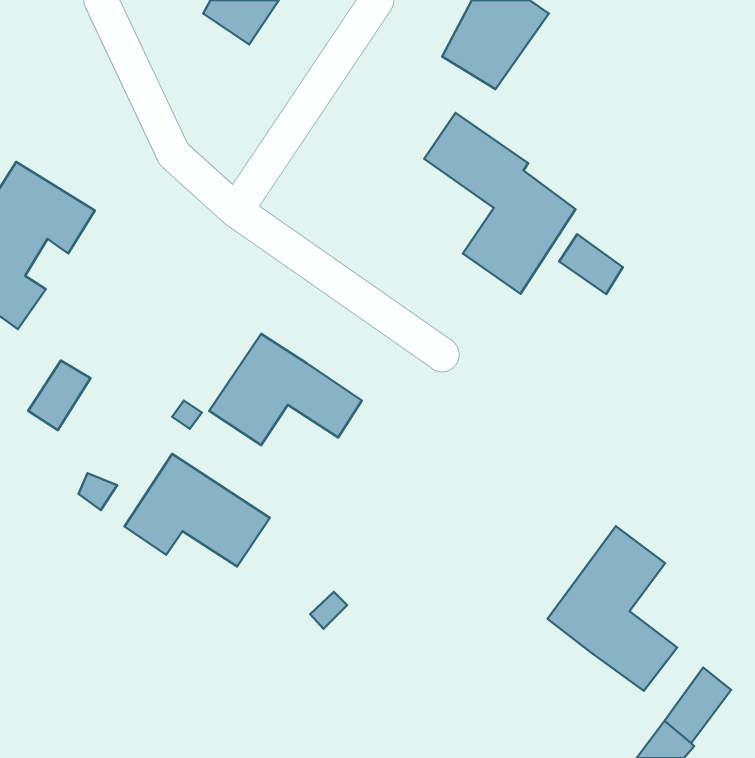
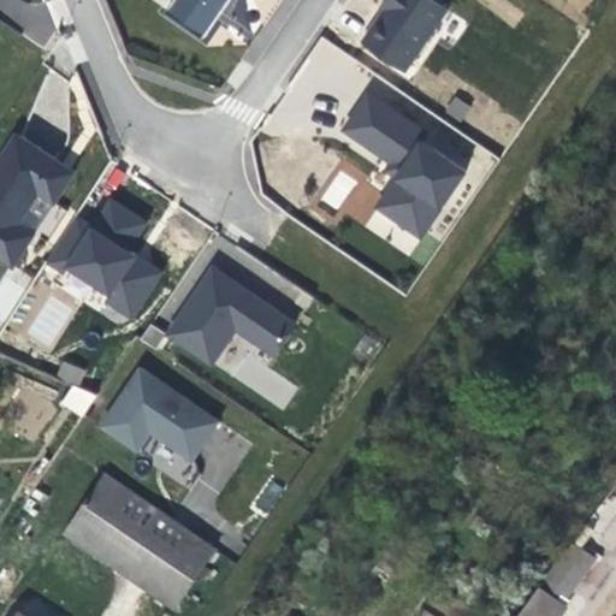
building: [559,234,623,294] -> none
building: none -> [51,199,160,310]
building: [547,526,677,691] -> none
building: none -> [61,474,213,609]

